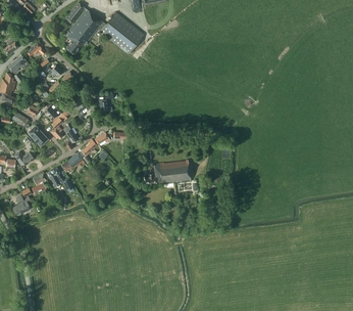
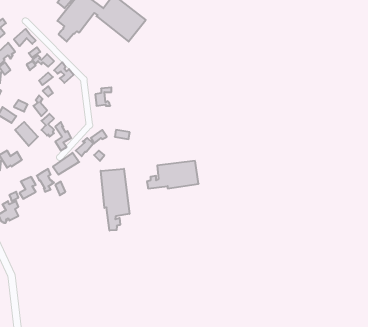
building: none -> [101,169,129,231]

